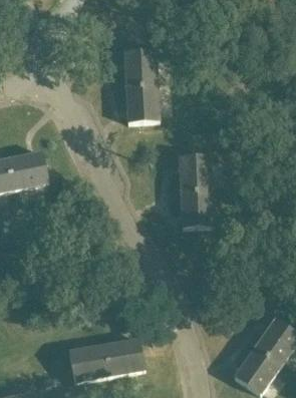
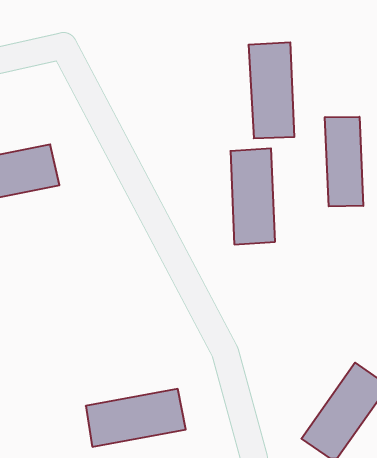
building: [124,49,160,122] -> [248,42,294,138]
building: none -> [325,117,363,206]

